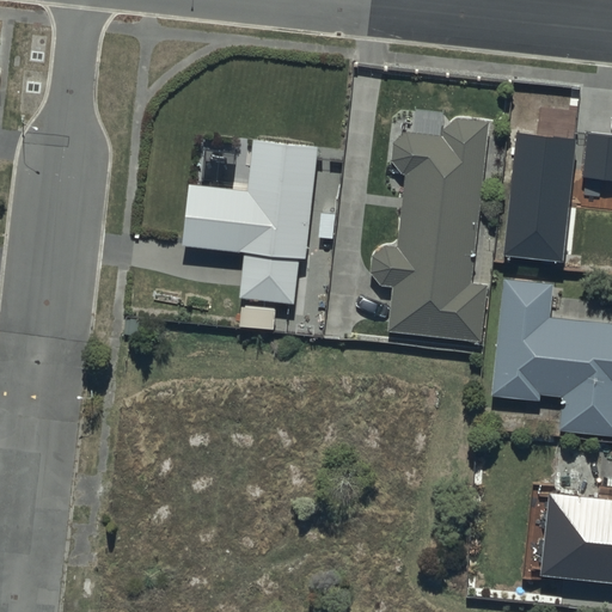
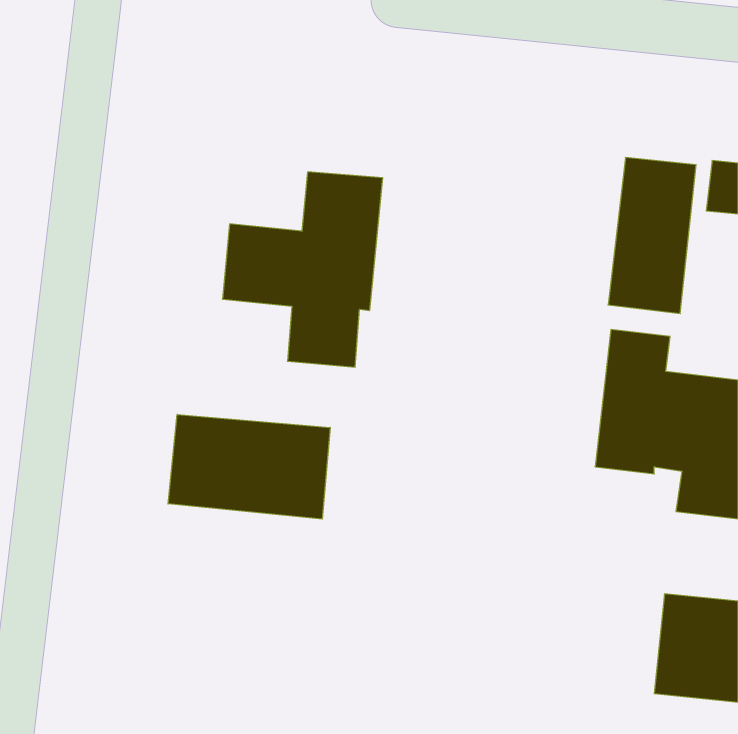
building: [372,116,489,336] -> none
building: none -> [168,414,330,519]

